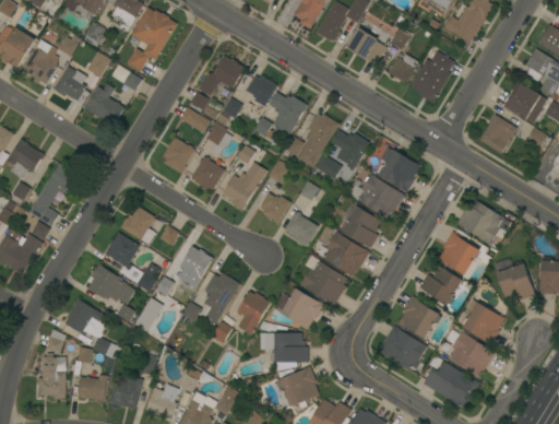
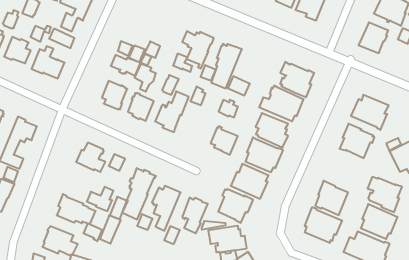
building: [198,56,245,96] -> none
building: [245,75,277,106] -> none
building: [331,130,369,169] -> none
building: [260,188,290,223] -> none
building: [106,233,139,267] -> none
building: [418,266,462,305] -> none

